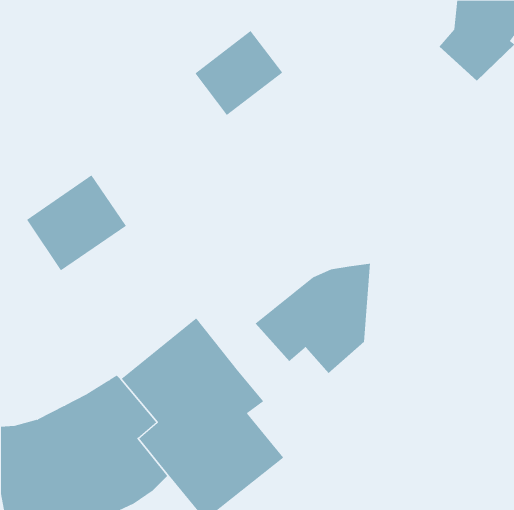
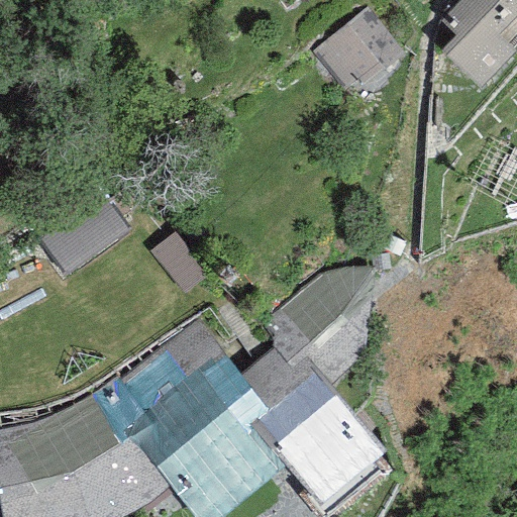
building: [194,30,283,116] -> [313,9,402,95]
building: none -> [240,348,385,501]

